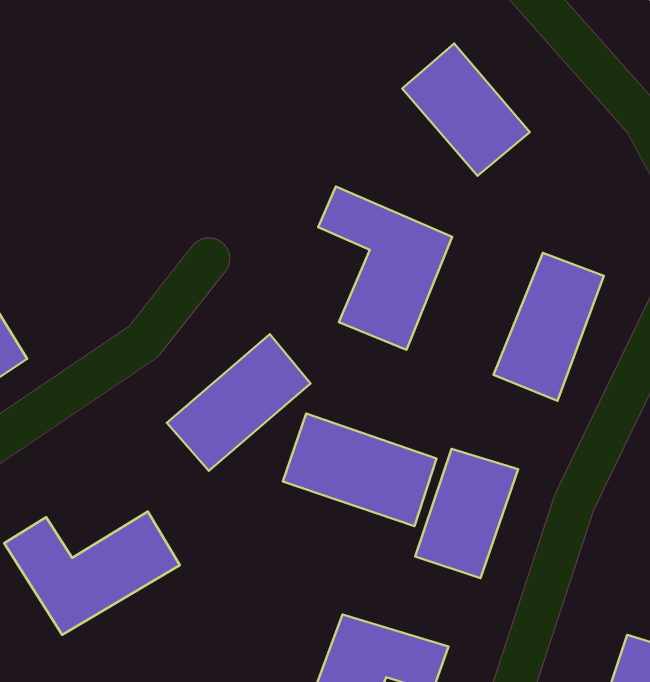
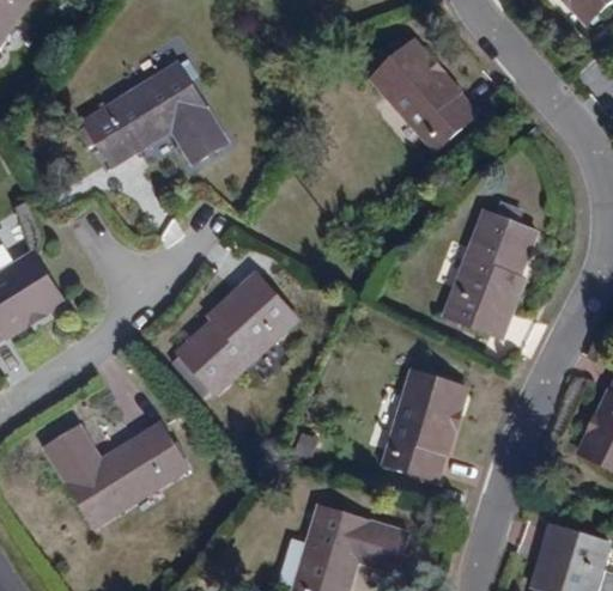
building: none -> [85,67,225,167]
building: [318,187,452,350] -> none
building: [283,413,436,526] -> none

